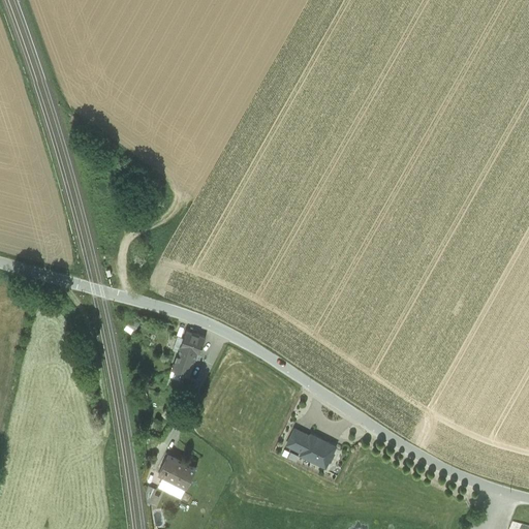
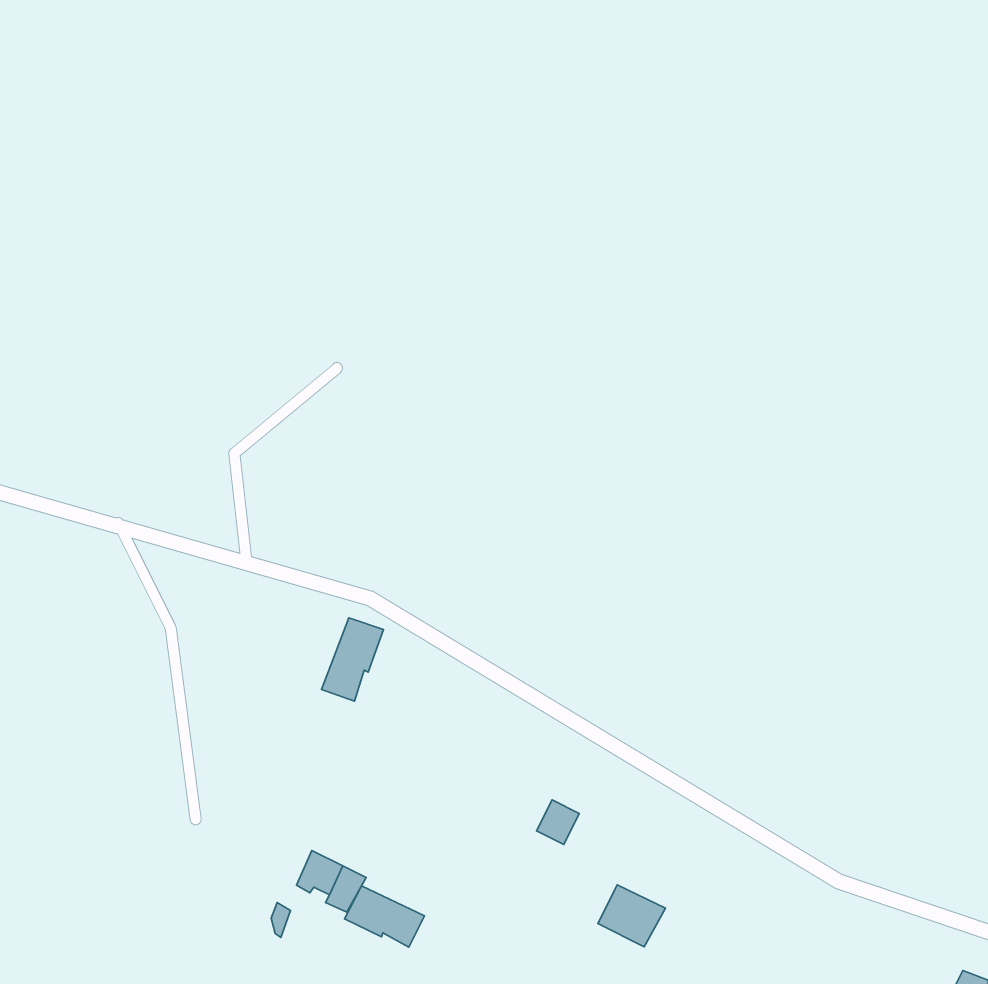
building: [300,435,336,468] -> [598,885,666,947]
building: none -> [344,886,424,947]

